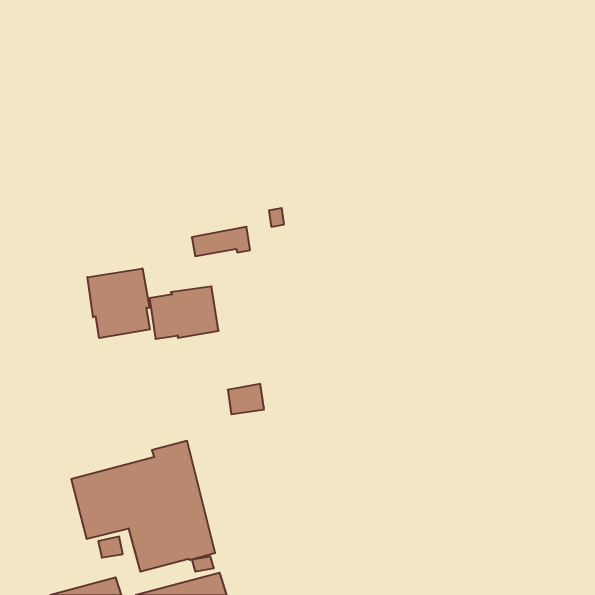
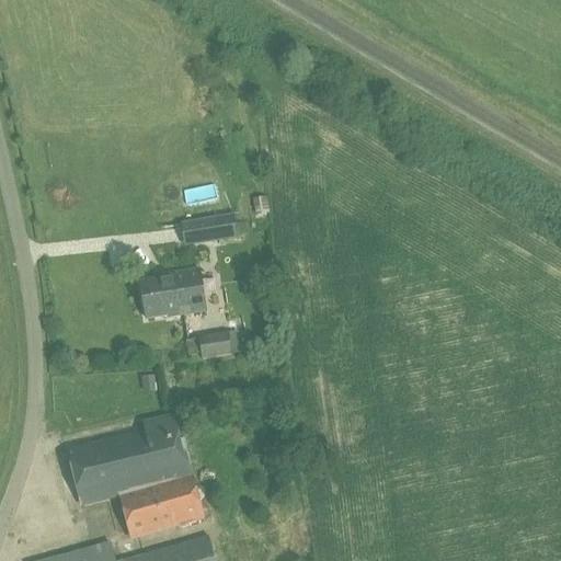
building: [87,268,150,338] -> none
building: [228,384,264,414] -> [197,330,231,358]

